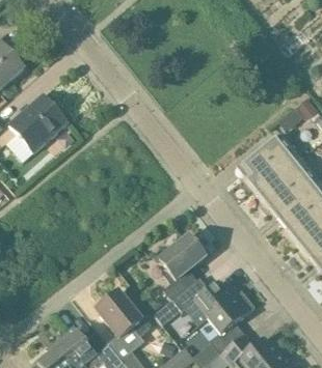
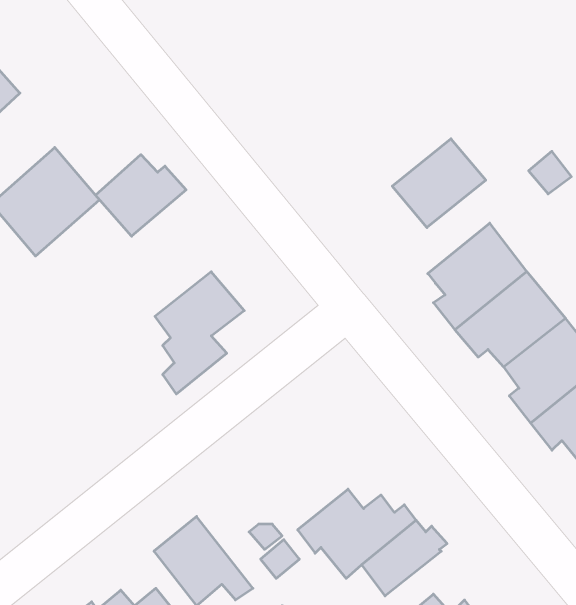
building: none -> [392,139,486,228]
building: none -> [96,155,186,236]
building: [159,233,207,299] -> [155,272,244,394]

